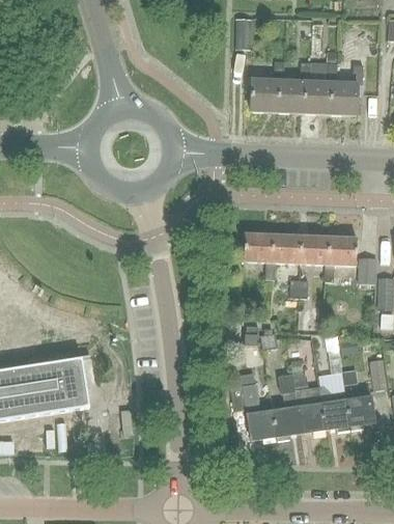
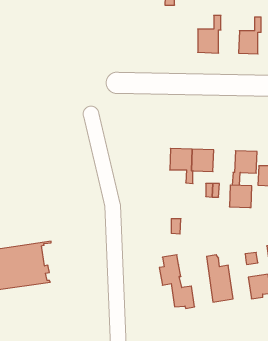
building: [253,60,285,109] -> none
building: [307,62,336,110] -> none
building: [300,236,329,265] -> [229,185,252,207]
building: [272,374,300,439] -> none
building: [319,385,349,431] -> none

